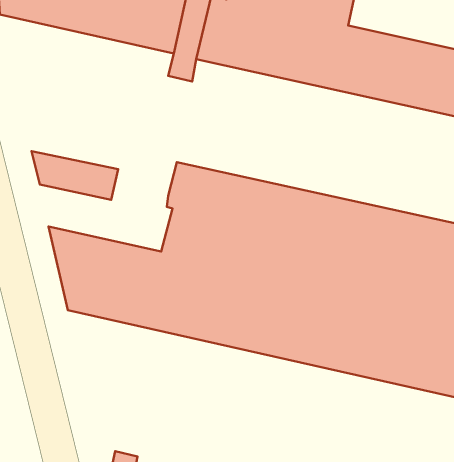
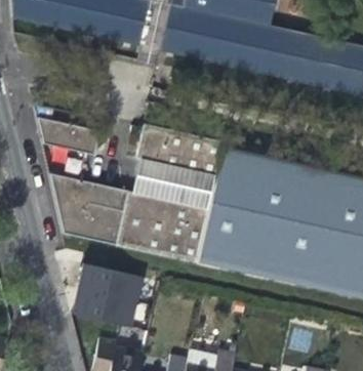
building: none -> [71,267,143,330]

